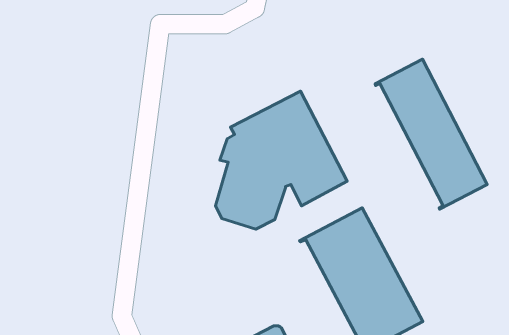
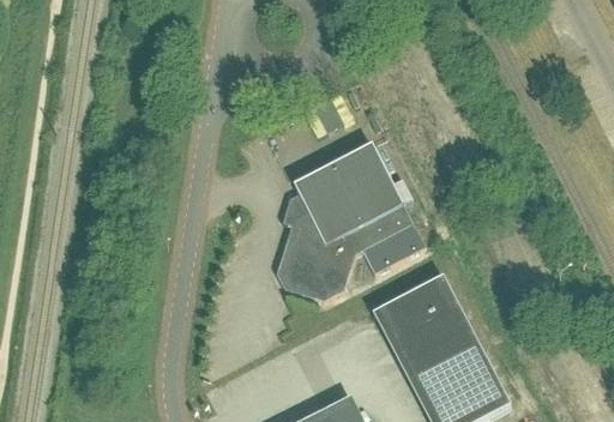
building: [375,59,487,209] -> none

